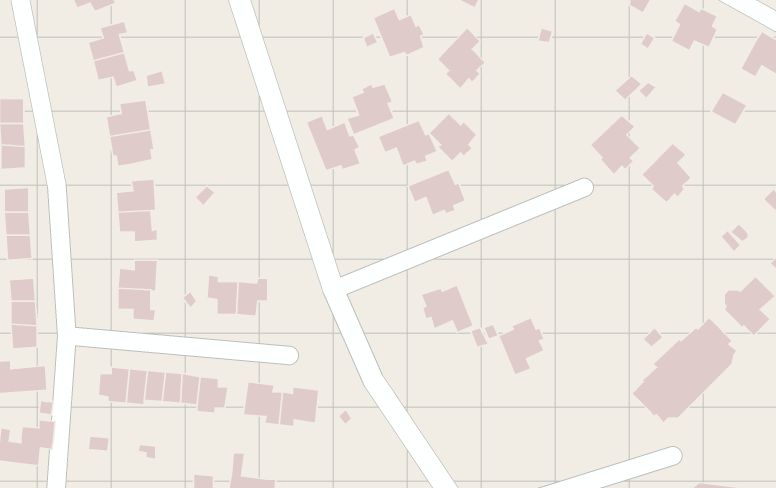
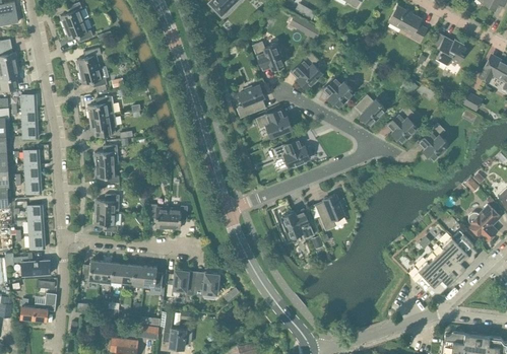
building: none -> [355,94,385,124]
building: [429,113,477,161] -> [323,77,353,107]
building: [306,116,360,171] -> none
building: [498,318,544,375] -> [315,195,343,230]

